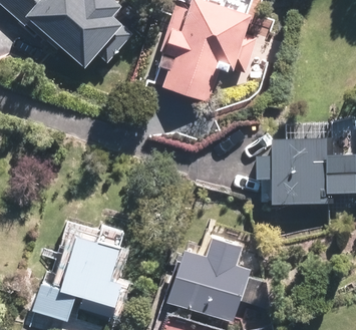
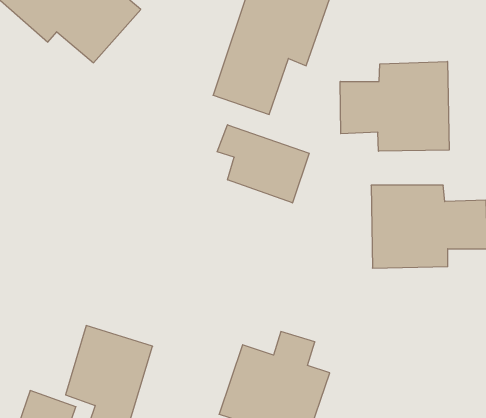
building: none -> [340,61,449,151]
building: none -> [217,125,309,203]

